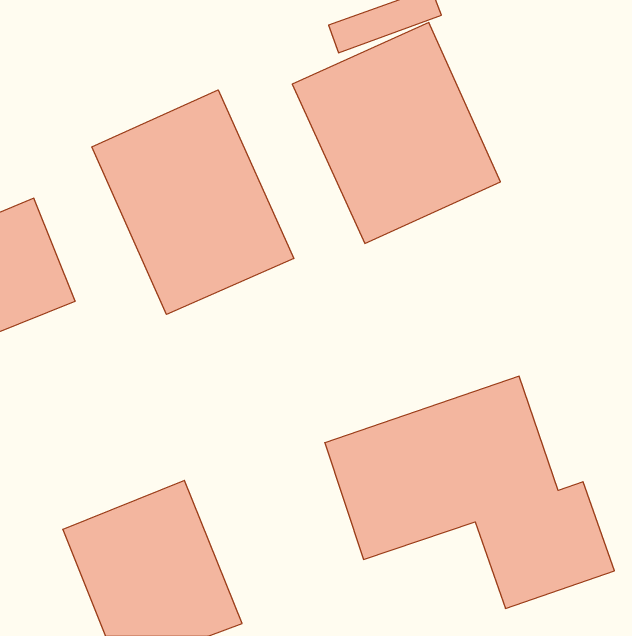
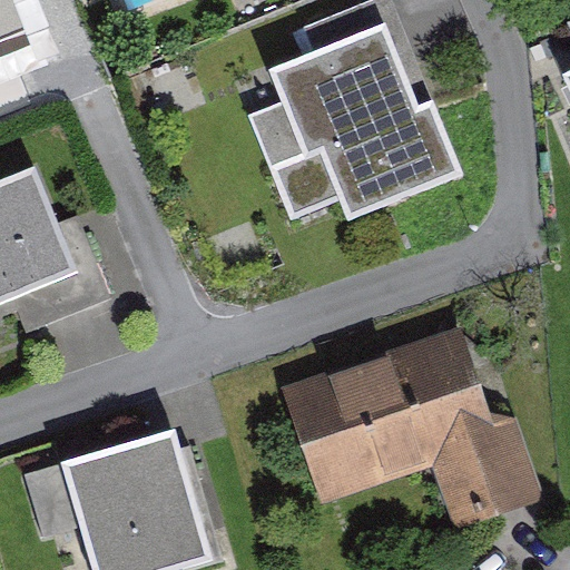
building: [92,90,294,314] -> none

